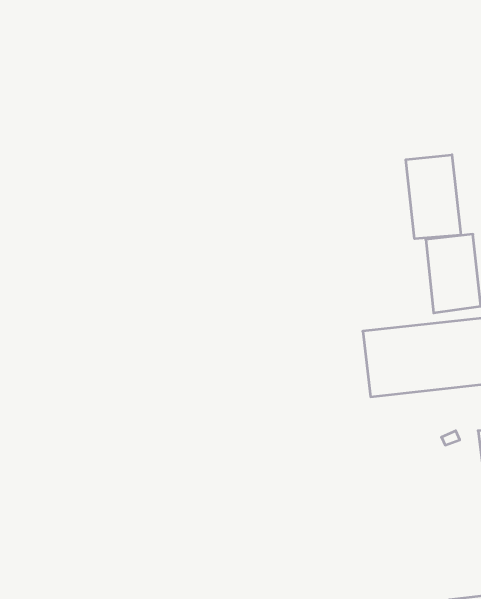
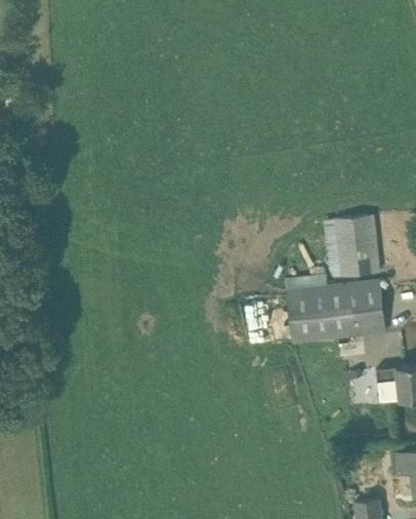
building: [406,155,461,239] -> none

